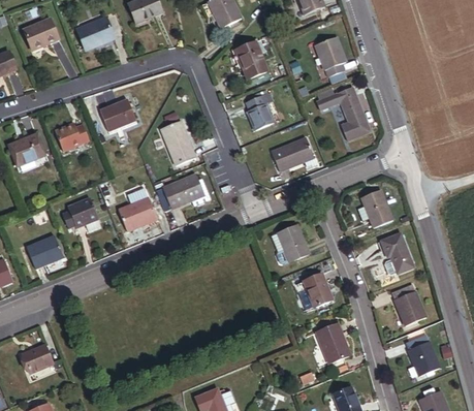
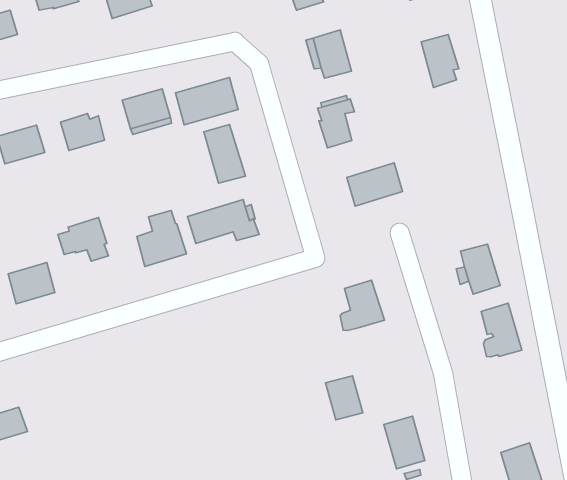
building: none -> [175,77,238,125]
building: [316,87,371,140] -> none
building: [304,273,334,307] -> [325,376,363,420]
building: [391,284,426,326] -> none

